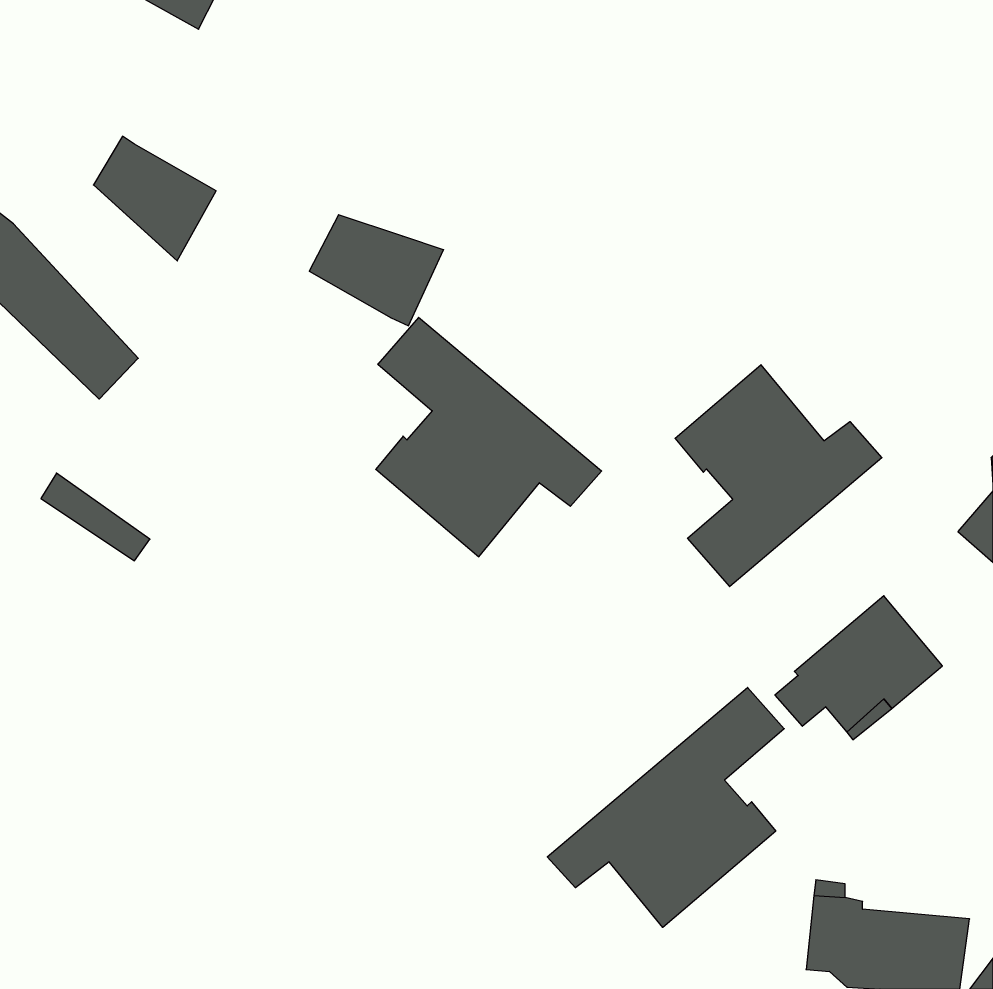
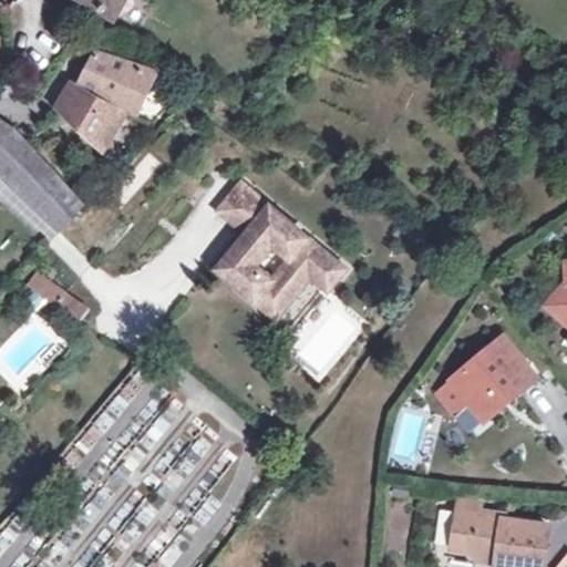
building: [309,215,444,326] -> [76,50,153,113]
building: [675,365,882,587] -> none
building: [547,687,784,927] -> none

